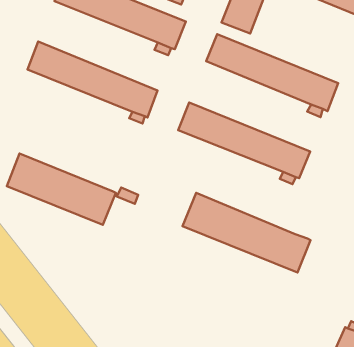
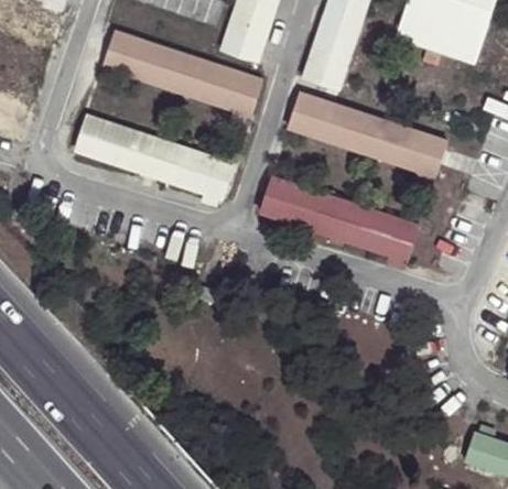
building: [7,154,116,225] -> none
building: [182,193,311,273] -> none

